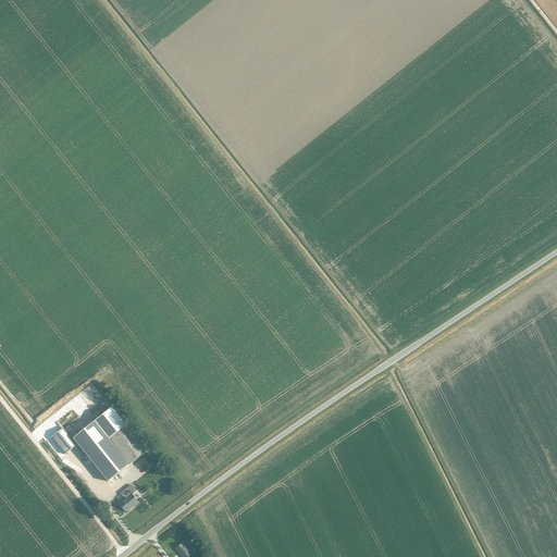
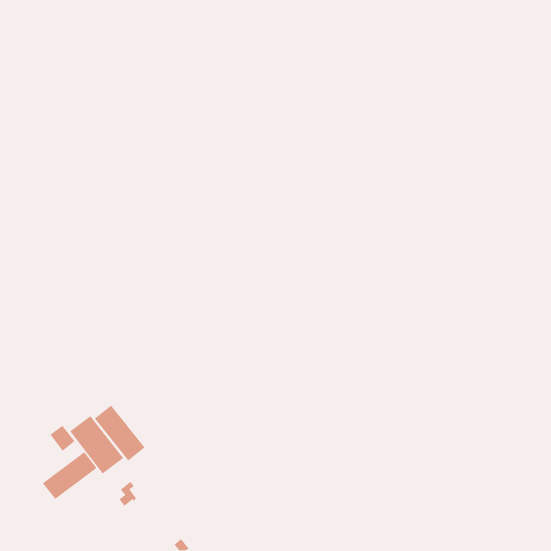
building: none -> [42,451,98,500]

